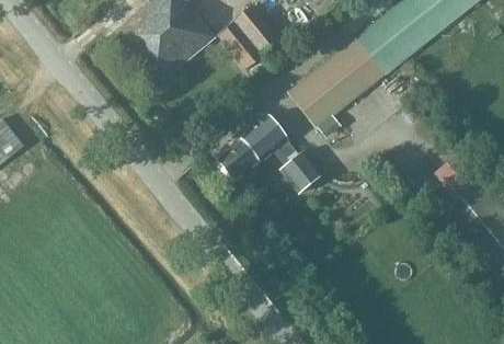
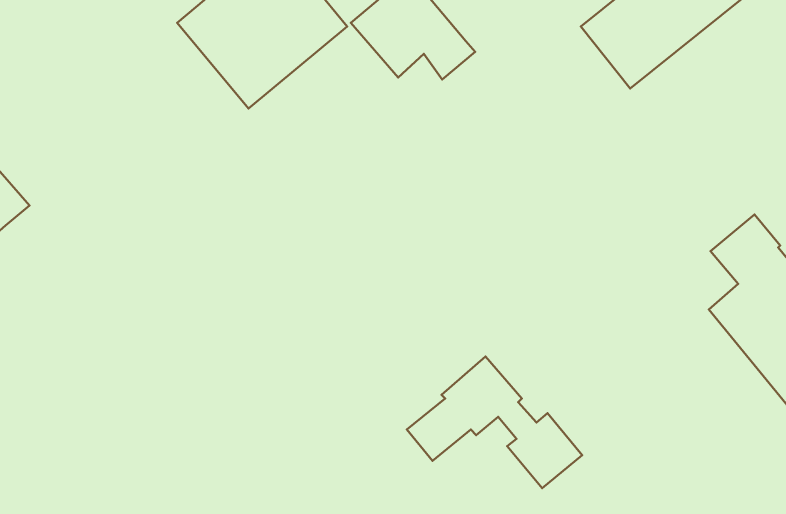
building: [289,36,387,133] -> none
building: [220,114,325,193] -> [407,357,582,488]

